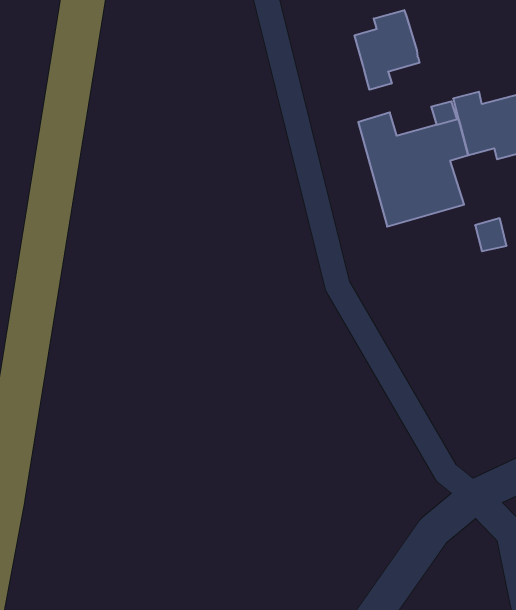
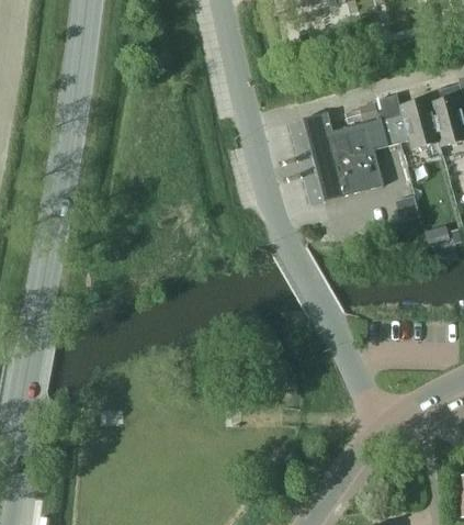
building: [355,10,420,90] -> none

